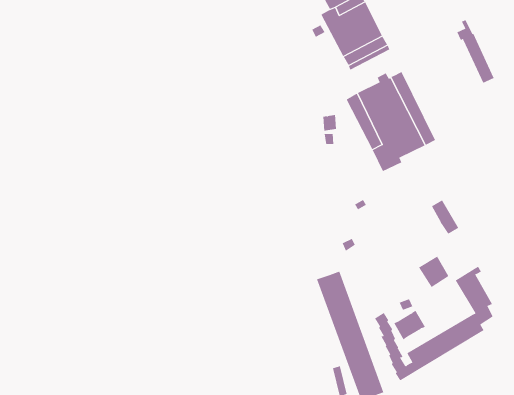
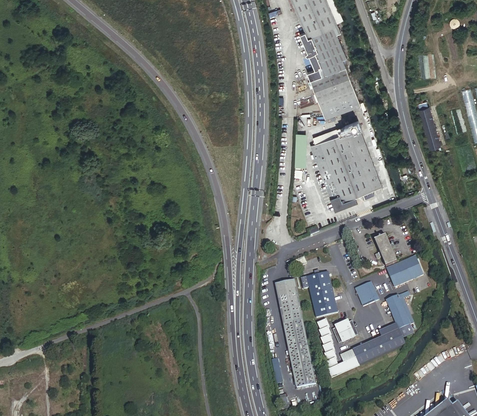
building: none -> [385,253,423,284]
building: none -> [298,271,336,317]

